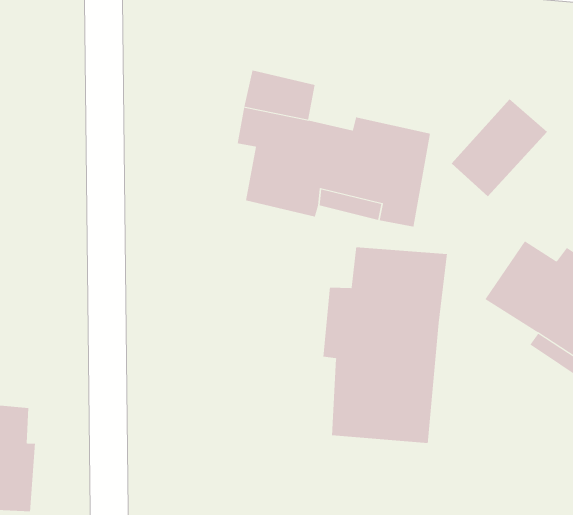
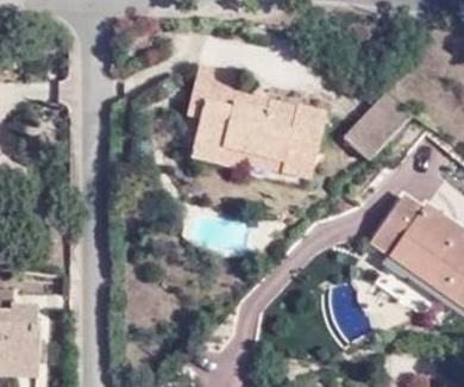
building: [323,246,447,444] -> none

